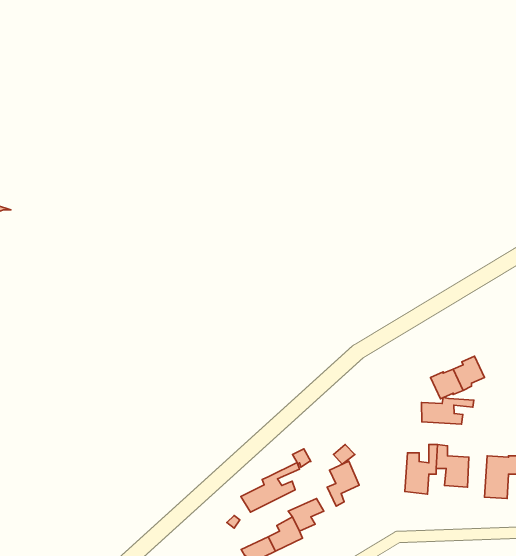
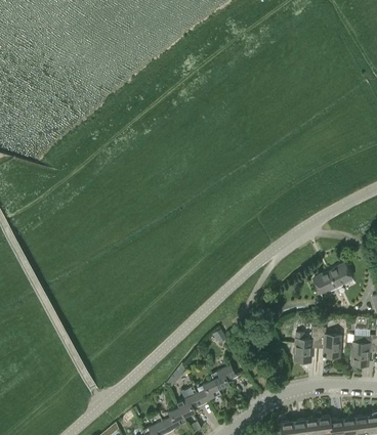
building: [422,398,474,424] -> none
building: [327,461,359,506] -> none
building: [241,463,299,512] -> none

